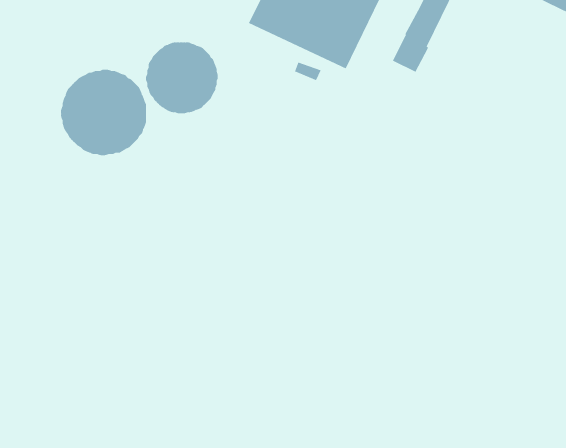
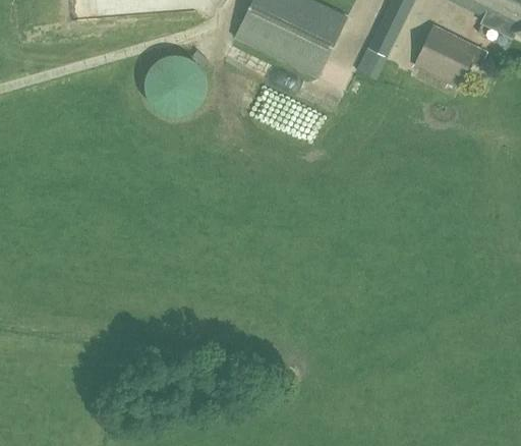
building: none -> [414,25,488,88]
building: [61,69,147,156] -> none

